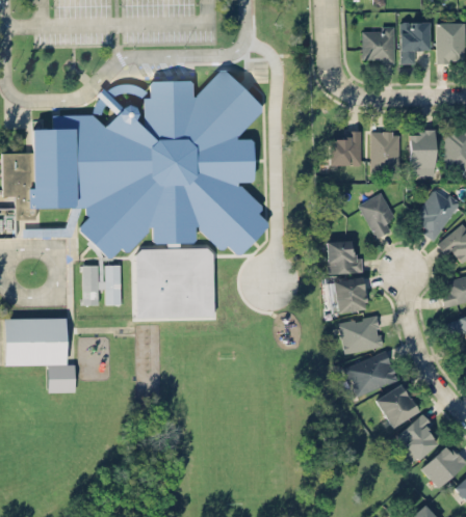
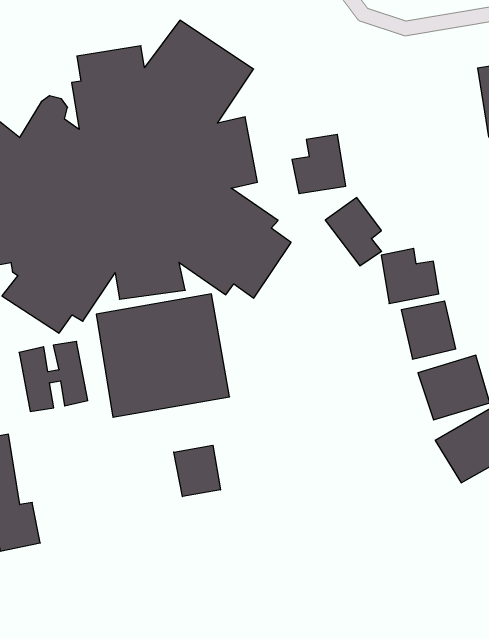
building: [329,131,361,165] -> [292,134,346,194]
building: [371,132,400,173] -> none
building: [359,193,394,238] -> [325,198,382,266]
building: none -> [174,445,220,497]

